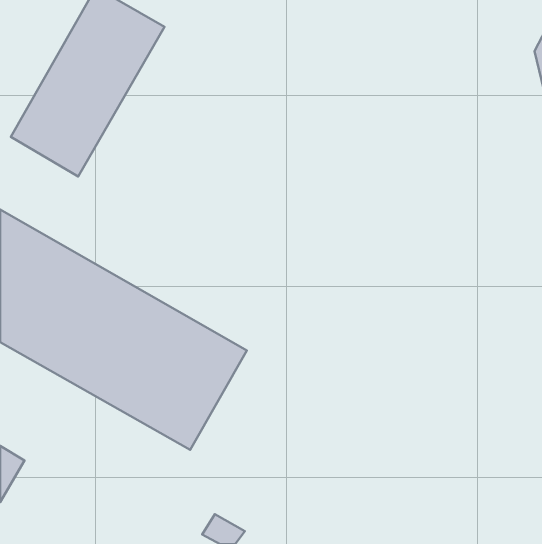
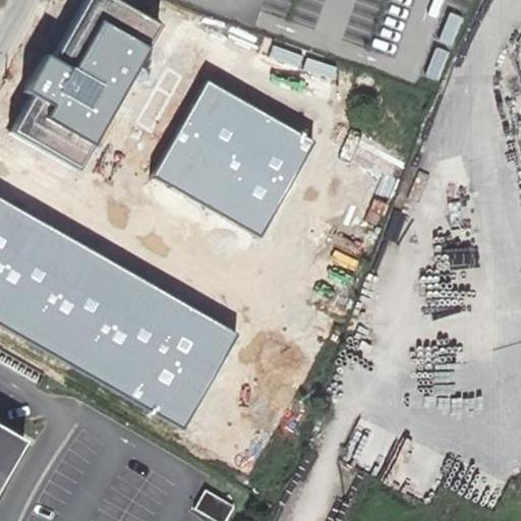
building: none -> [154,82,312,235]

